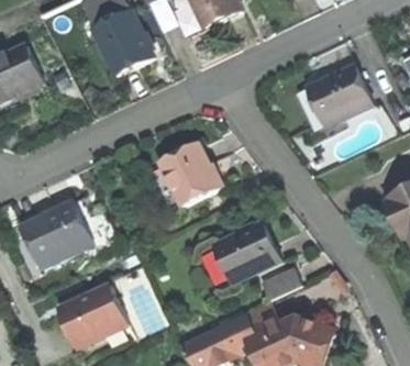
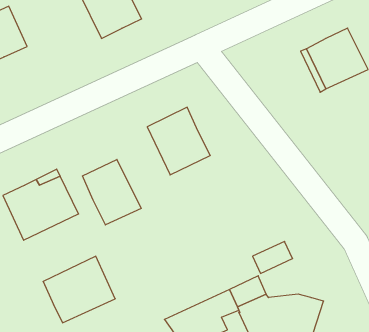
building: none -> [82,159,141,225]
building: [212,221,278,284] -> none

